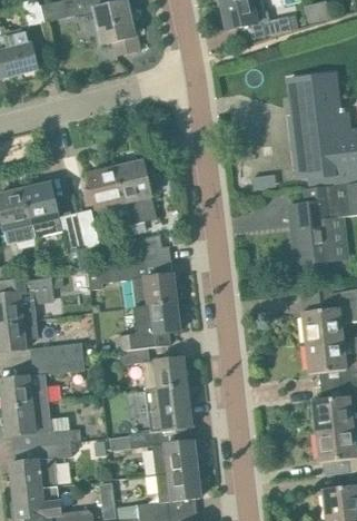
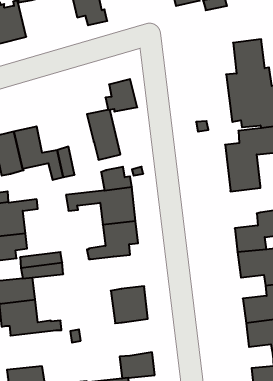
building: [83,166,123,207] -> [105,79,137,112]
building: [119,346,187,390] -> none
building: [129,430,197,473] -> none
building: [10,440,78,490] -> none

